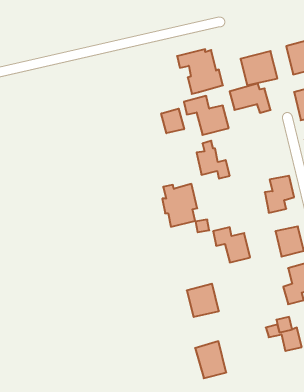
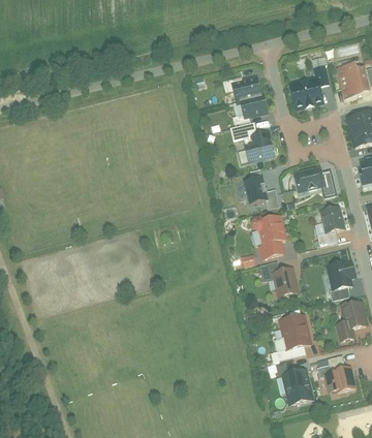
building: [230,84,271,113] -> [293,164,337,195]
building: [161,109,184,133] -> none
building: [162,184,197,227] -> [252,213,289,258]
building: [187,284,219,317] -> [278,313,312,348]
building: [195,341,226,378] -> [281,367,314,406]

